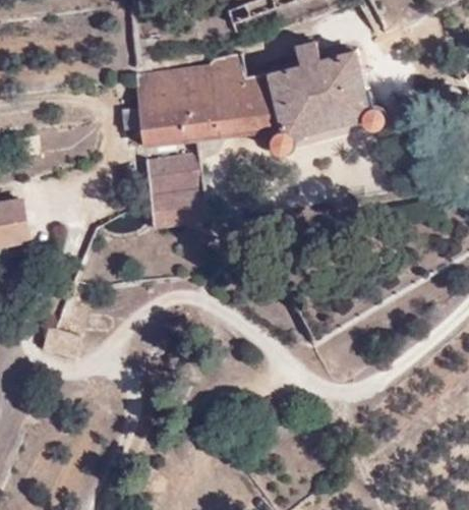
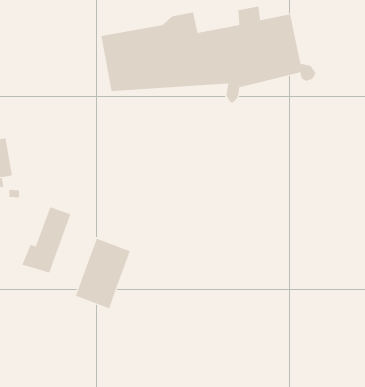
building: [148,154,212,225] -> none
building: none -> [75,238,131,309]

